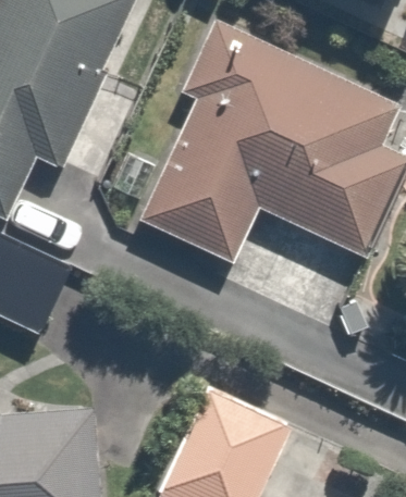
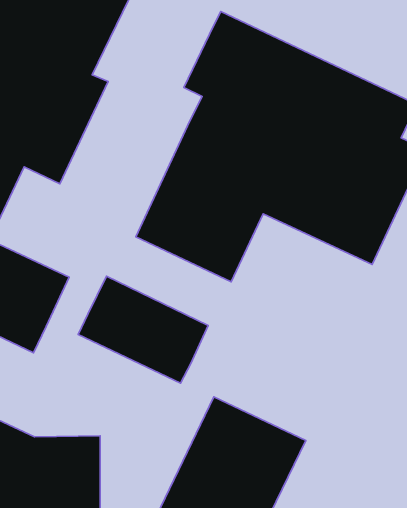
building: none -> [78,276,208,383]

